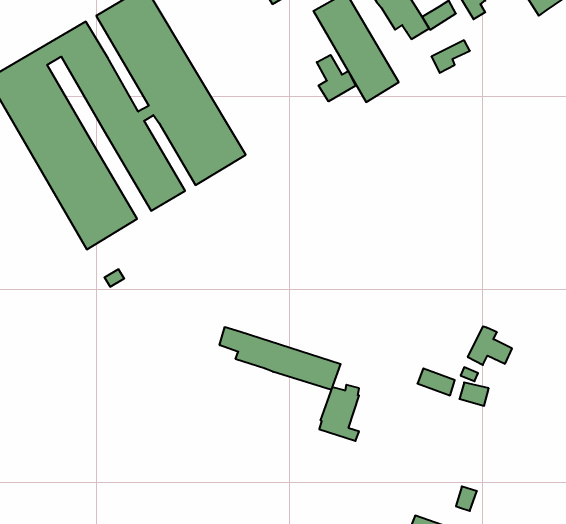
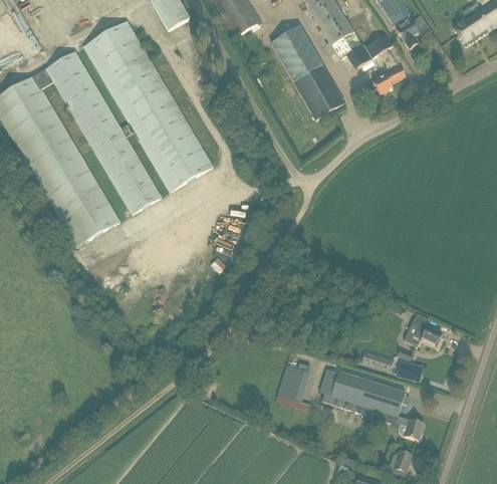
building: [317,55,356,101] -> none
building: [220,327,341,390] -> none
building: none -> [319,368,423,439]

